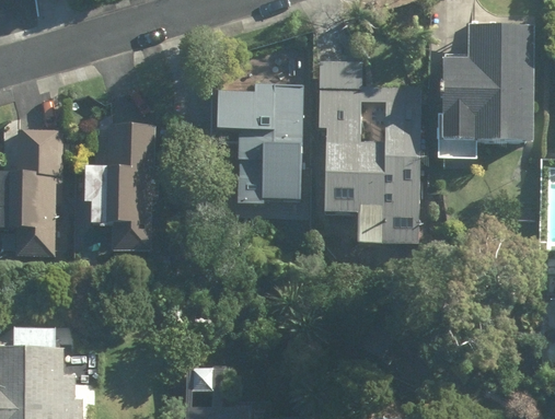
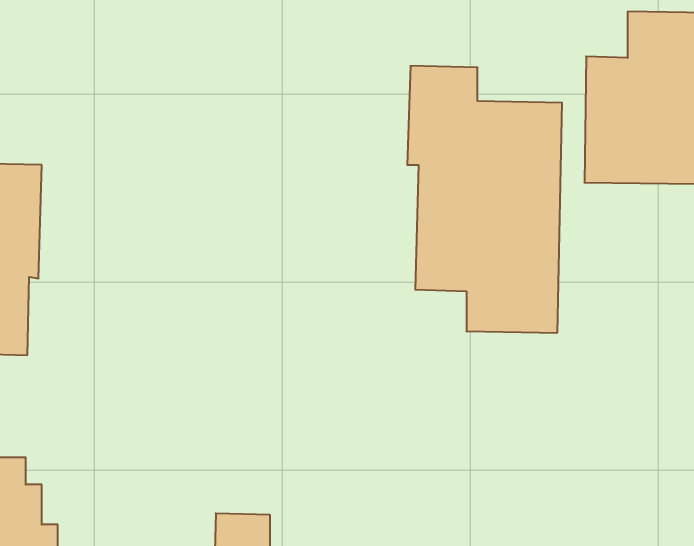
building: [213,79,303,208] -> none
building: [81,120,158,253] -> none

